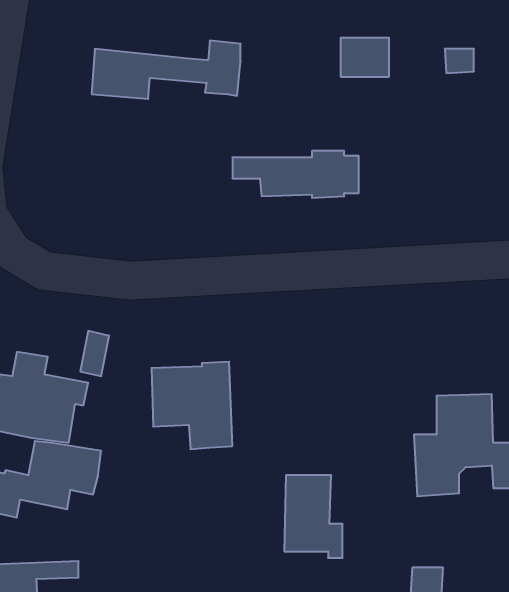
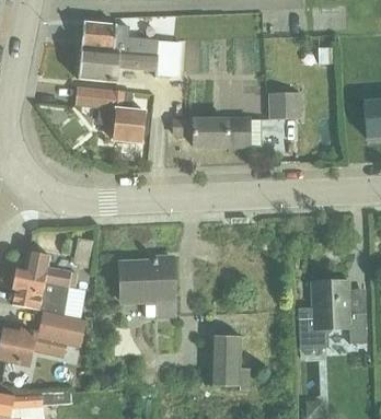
building: none -> [81,22,159,55]
building: [341,38,389,77] -> [267,92,300,118]
building: none -> [74,86,145,142]

